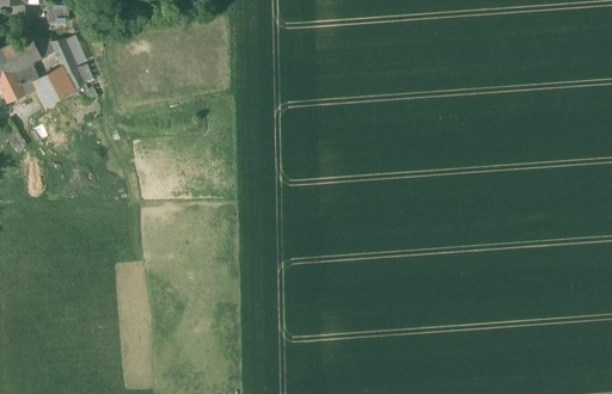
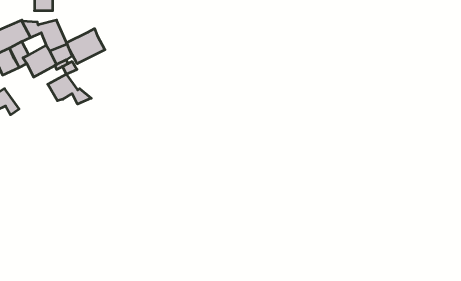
building: none -> [67,29,105,64]
building: none -> [48,74,91,104]

